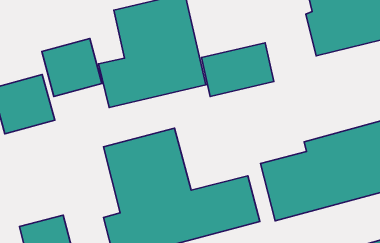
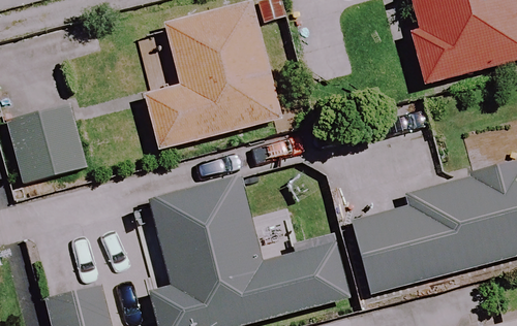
building: [42,39,102,96] -> none
building: [202,43,274,96] -> none

